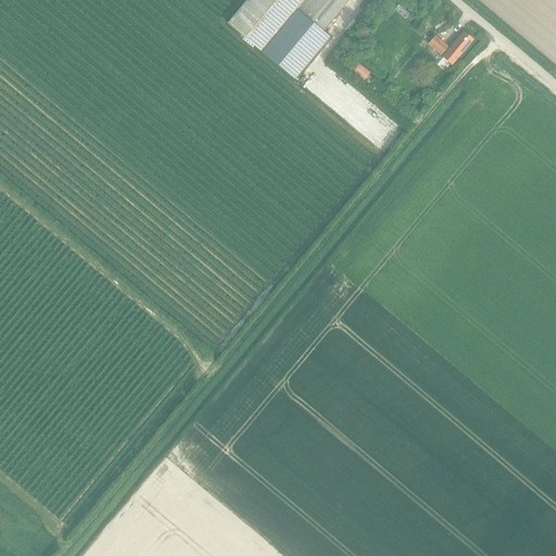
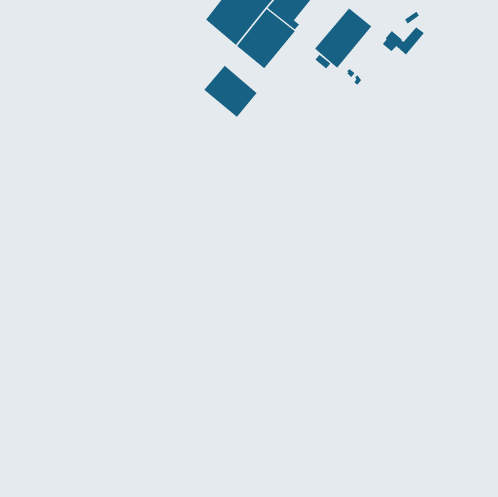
building: none -> [314,7,372,68]
building: none -> [203,65,257,118]

